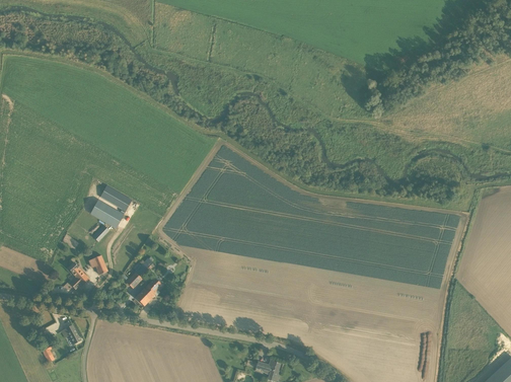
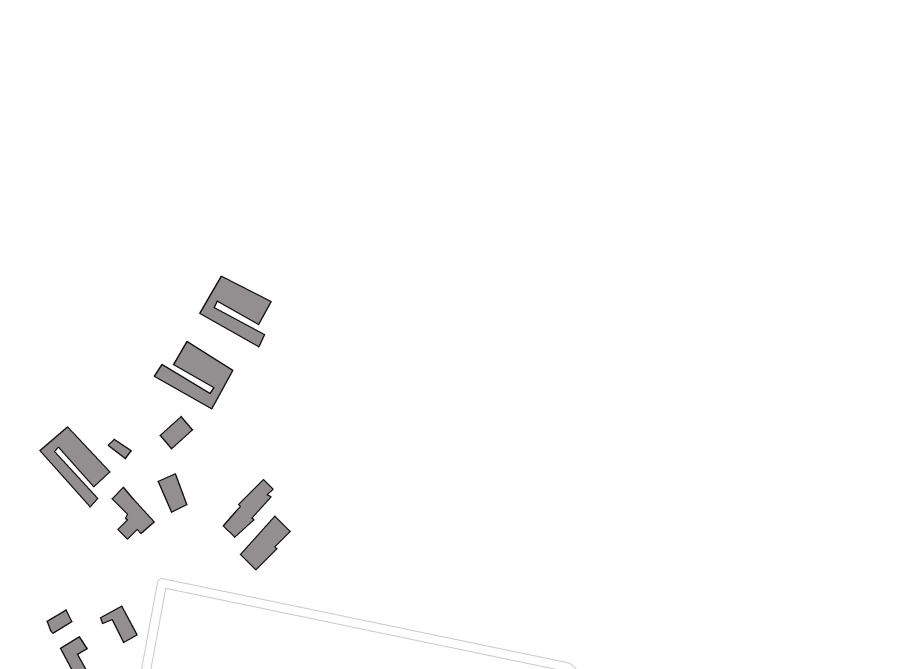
building: none -> [200,276,271,347]
building: none -> [40,427,110,507]

